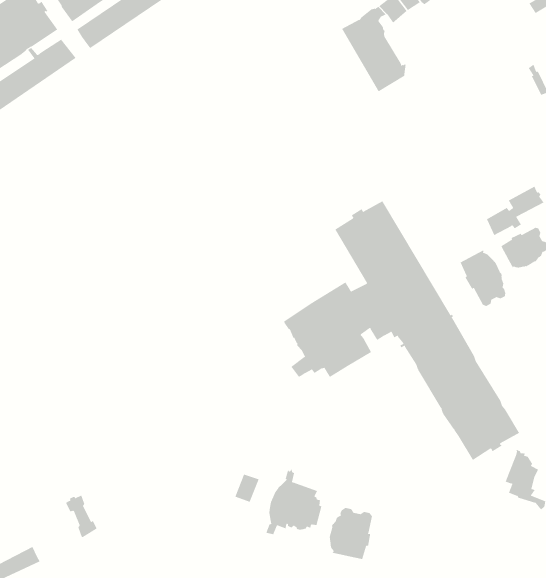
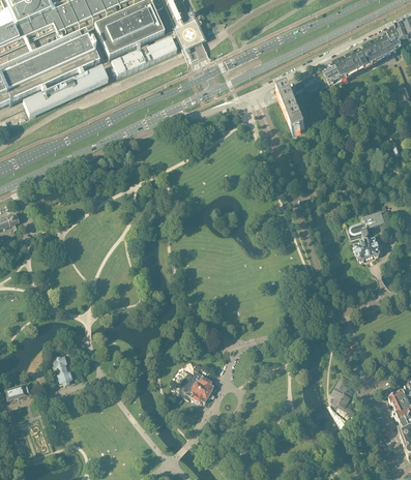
building: [284,200,520,461] -> none
building: [460,250,506,307] -> none
building: [329,507,372,560] -> none

